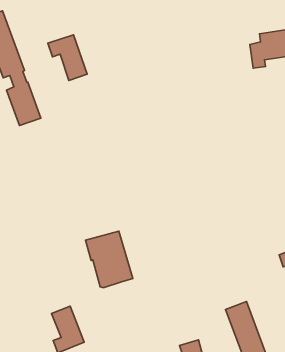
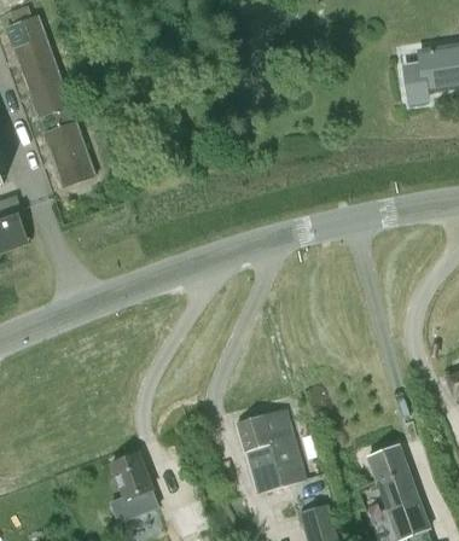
building: [48,35,87,80] -> none
building: [85,231,133,288] -> [236,408,306,491]

